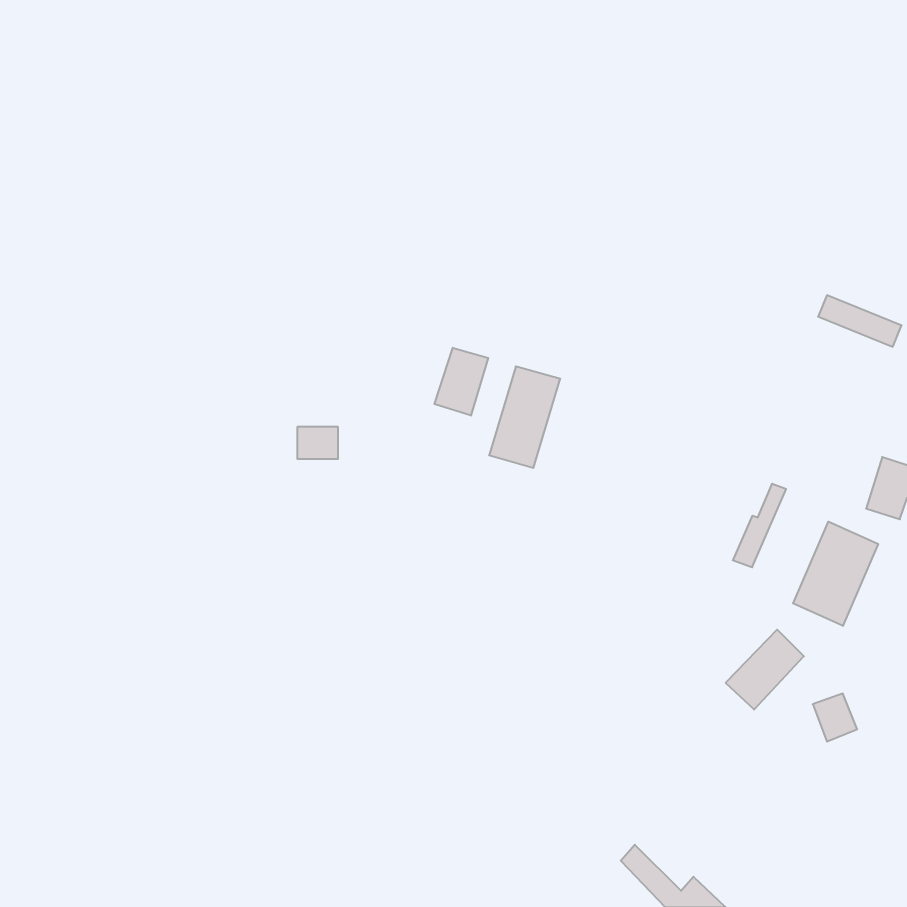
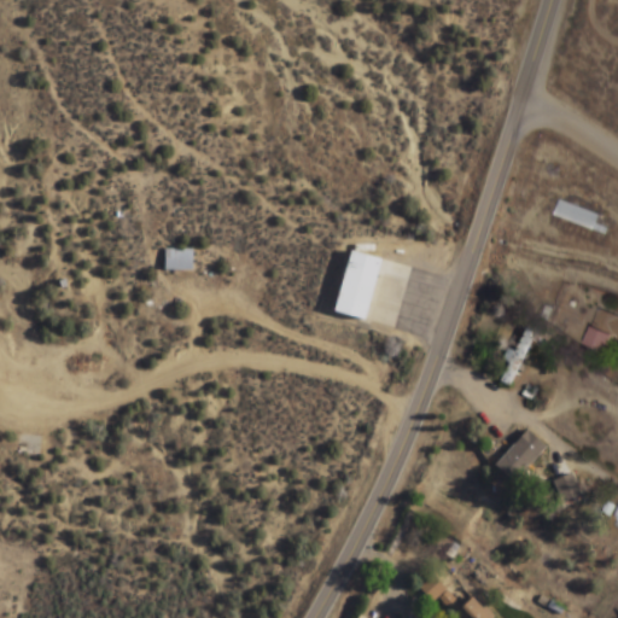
building: [434,348,488,416] -> none
building: [297,427,338,459] -> [164,247,192,269]
building: [793,522,878,626] -> none

